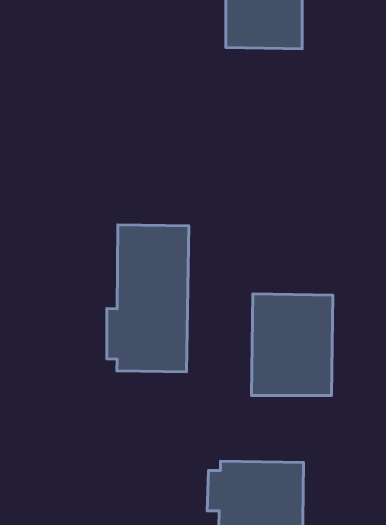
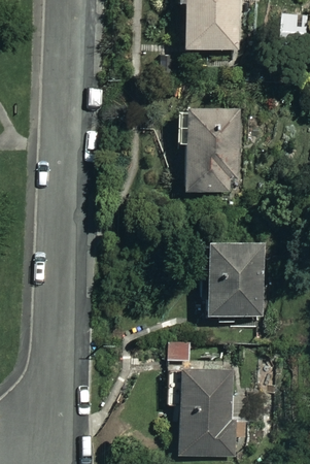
building: none -> [178,106,244,193]
building: [107,225,189,372] -> none

